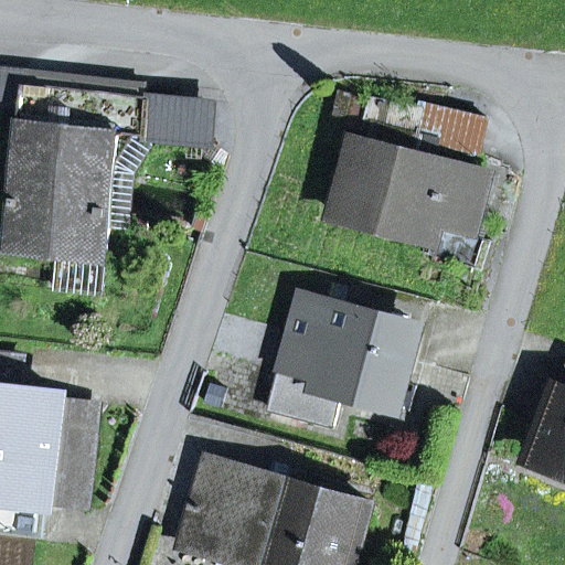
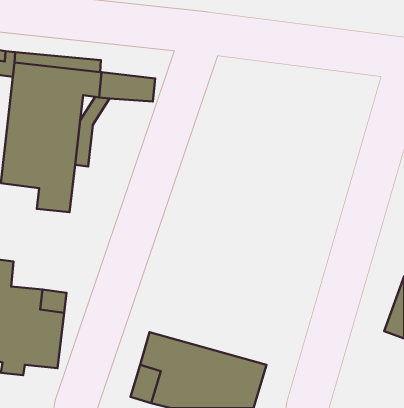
building: [332,100,483,265] -> none
building: [266,298,415,426] -> none

